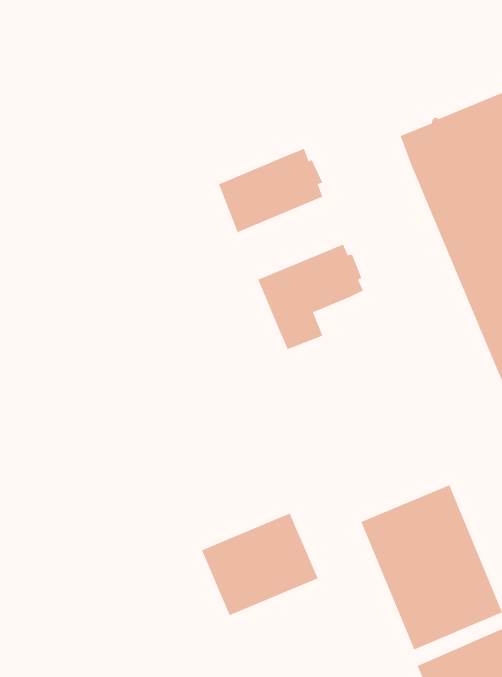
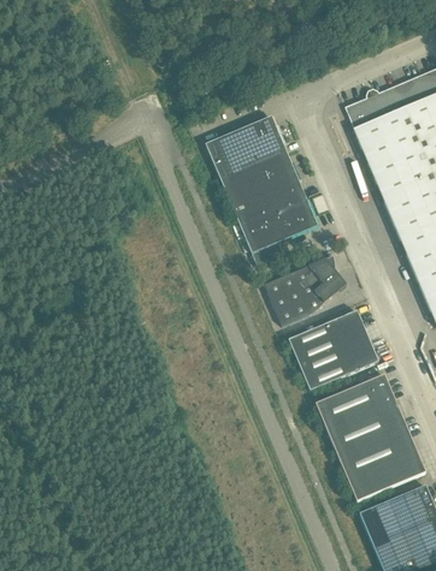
building: none -> [220,153,302,216]
building: none -> [265,255,347,326]
building: [201,513,318,616] -> [288,310,378,389]

